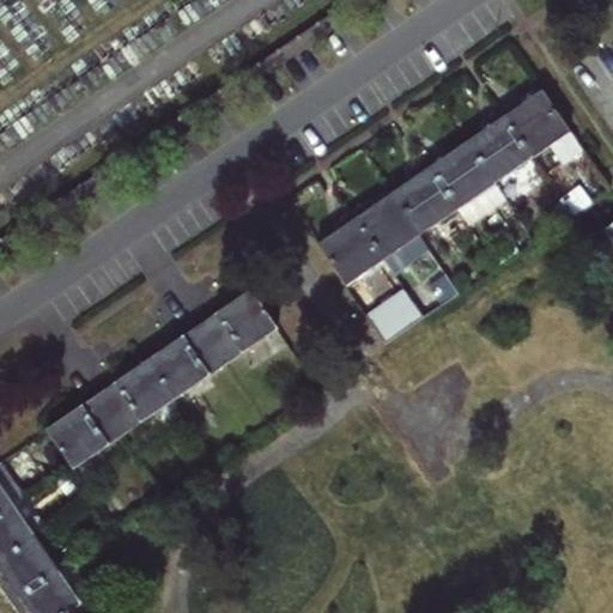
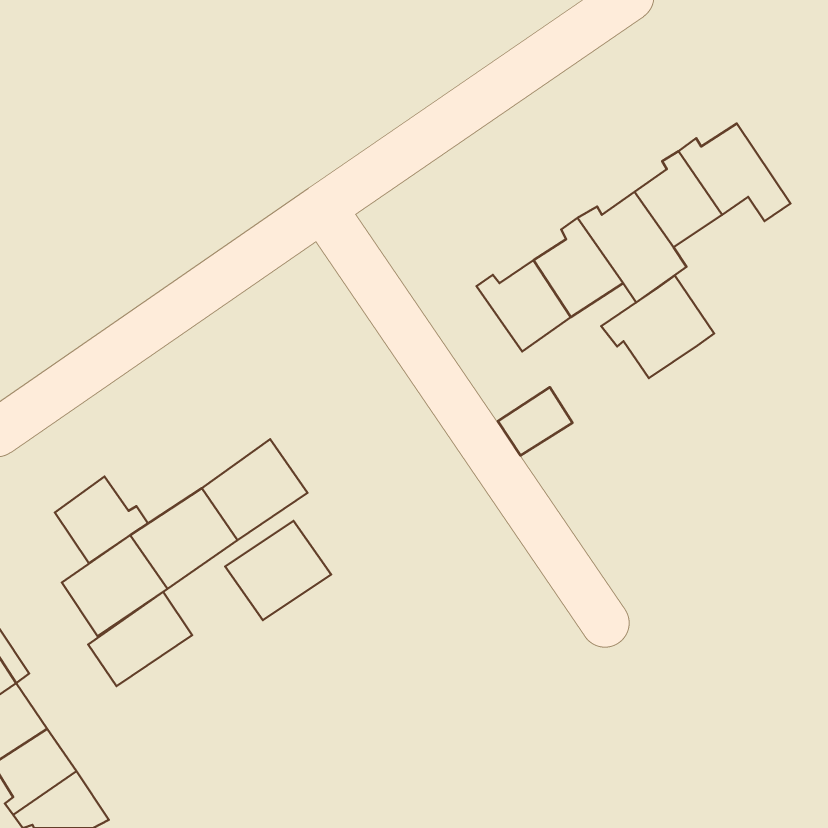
building: none -> [601,275,714,378]
building: [318,211,384,284] -> none
building: [199,290,277,363] -> [225,521,331,620]
building: none -> [55,477,148,563]
building: none -> [88,592,192,686]

